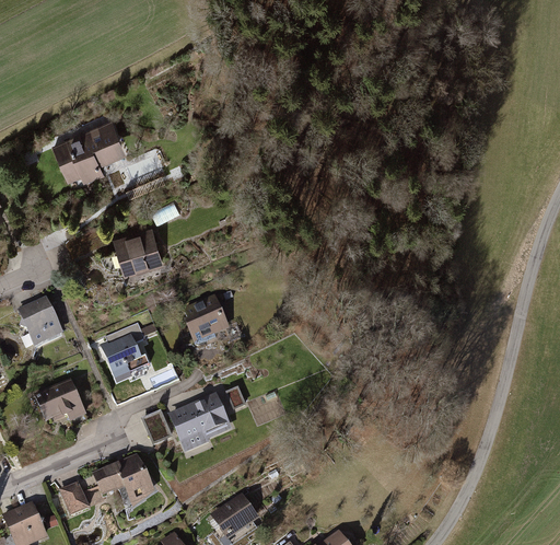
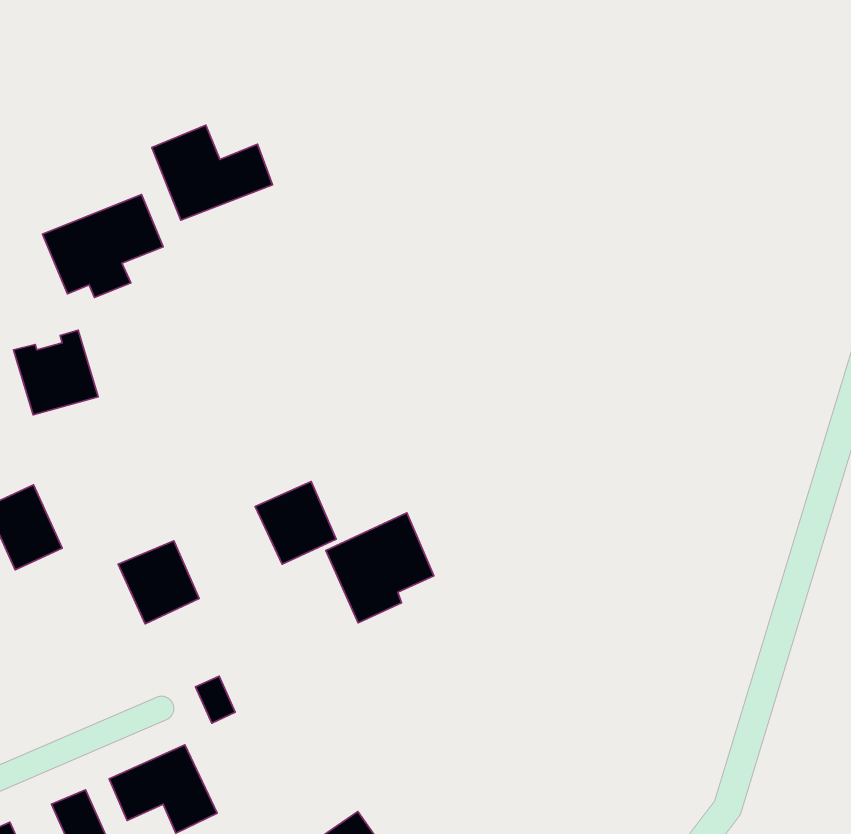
building: none -> [152,125,272,220]
building: [112,225,163,277] -> [13,330,98,415]
building: [33,379,86,426] -> none
building: [167,391,233,457] -> [326,513,434,623]

